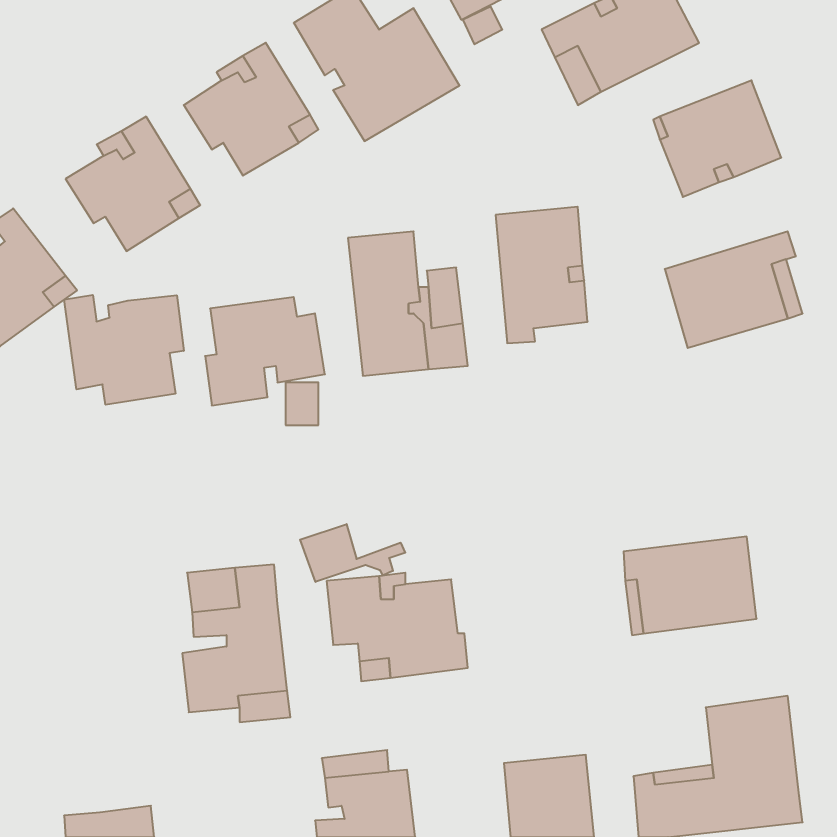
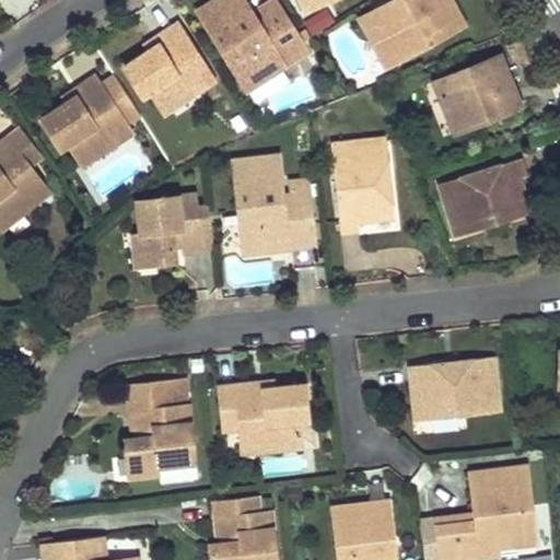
building: [64,295,184,405] -> none
building: [300,524,405,582] -> none

